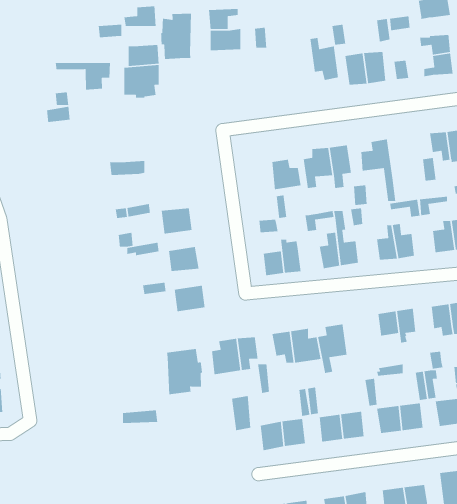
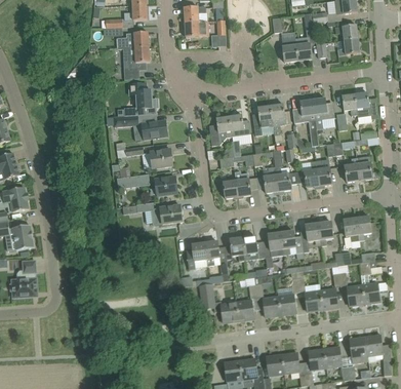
building: [160,13,192,60] -> none
building: [309,37,339,81] -> none
building: [55,62,111,91] -> none
building: none -> [130,83,158,115]
building: none -> [313,98,334,132]
building: none -> [208,116,231,146]
building: none -> [134,120,167,141]
building: none -> [280,230,303,259]
building: [166,348,203,395] -> none

